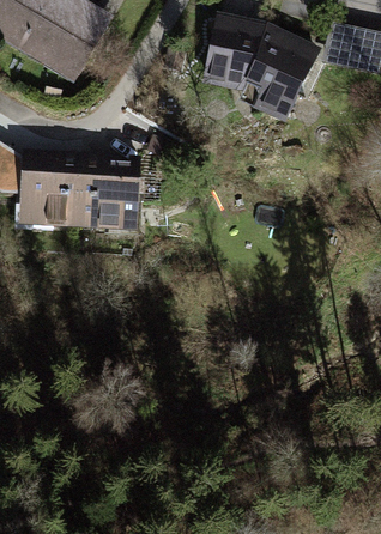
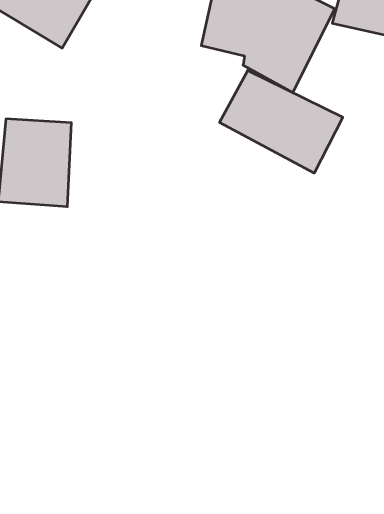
building: none -> [220,70,343,173]
building: [78,152,140,231] -> none

